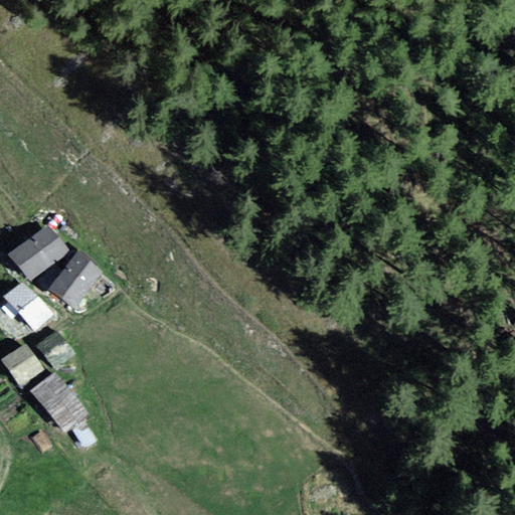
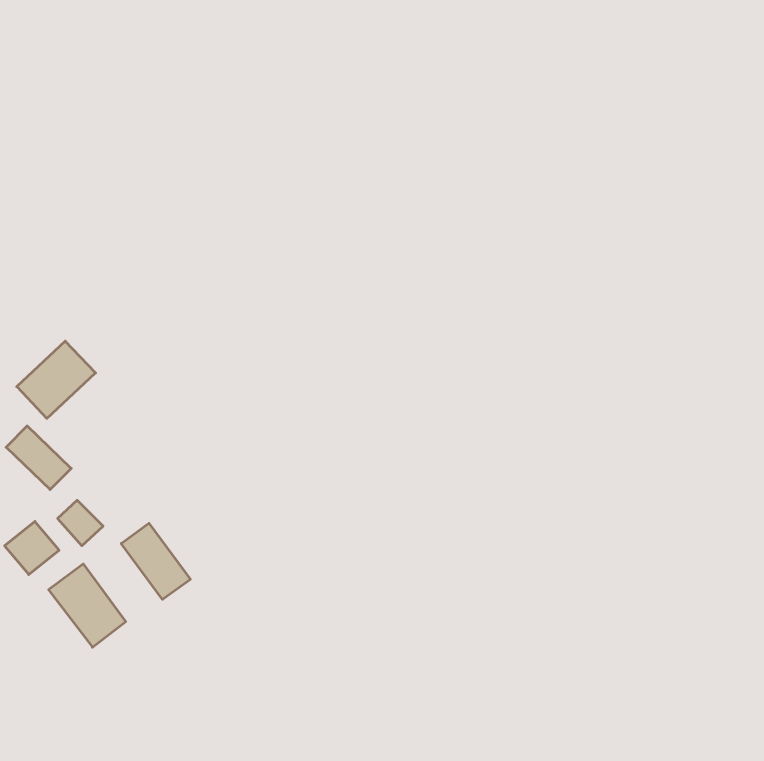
building: [53,254,99,305] -> none
building: none -> [121,523,190,599]

